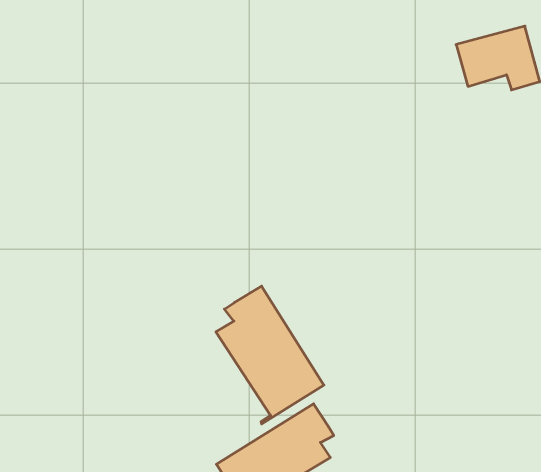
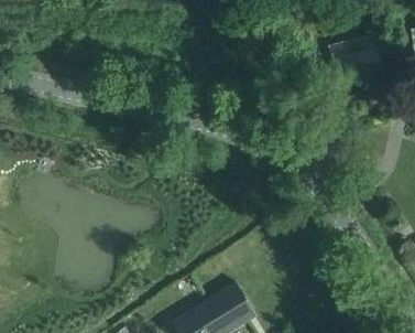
building: [216,286,324,424] -> none

